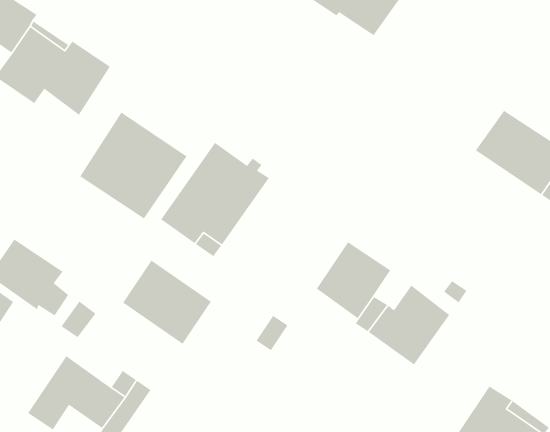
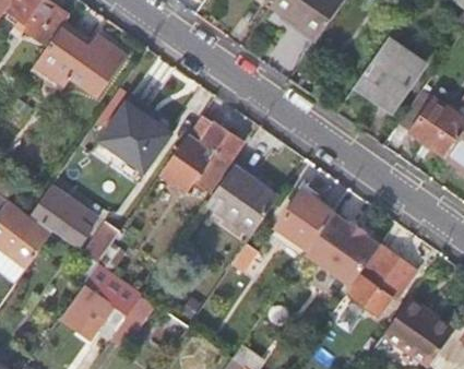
building: none -> [358,35,423,103]
building: [122,260,212,345] -> [207,168,275,233]
building: none -> [346,245,416,314]

